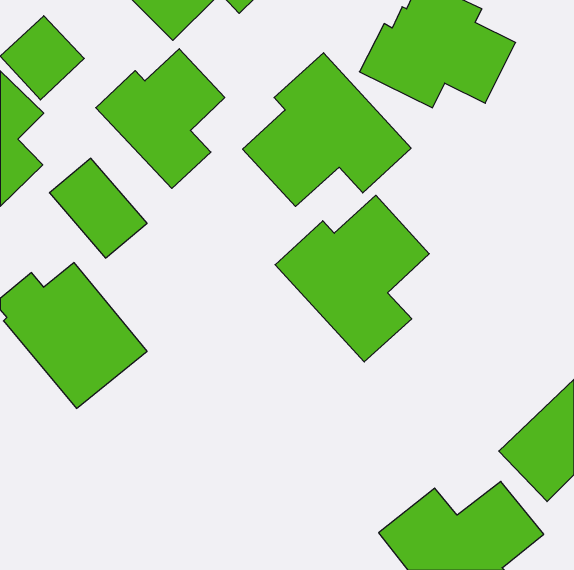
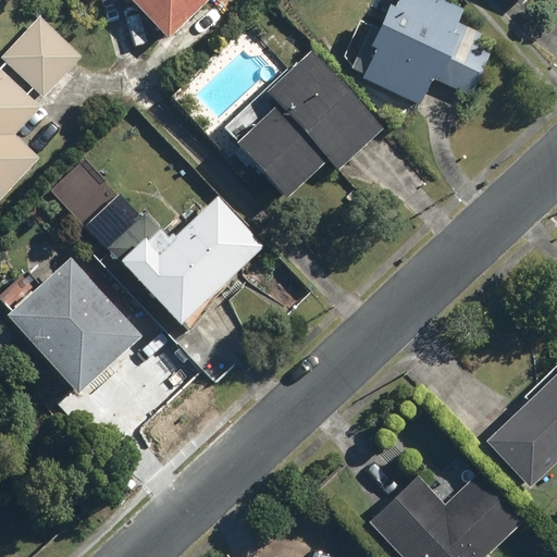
building: [96,49,225,188] -> none
building: none -> [111,187,272,331]
building: [275,195,429,362] -> none

